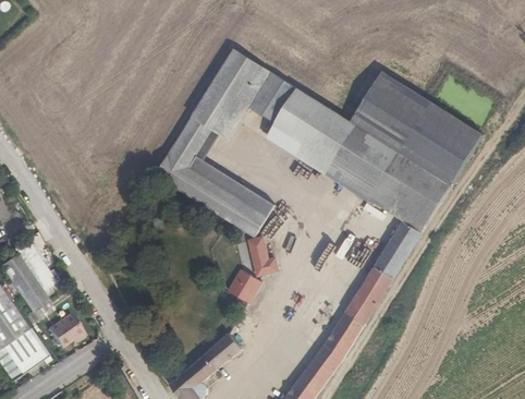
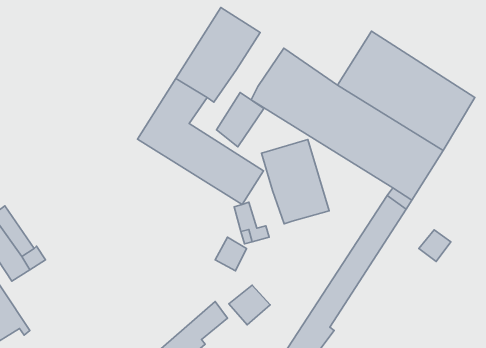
building: [251,71,296,123] -> [217,93,264,147]
building: none -> [261,139,329,224]
building: none -> [419,230,451,261]
building: [47,309,84,342] -> none
building: none -> [229,285,270,325]

